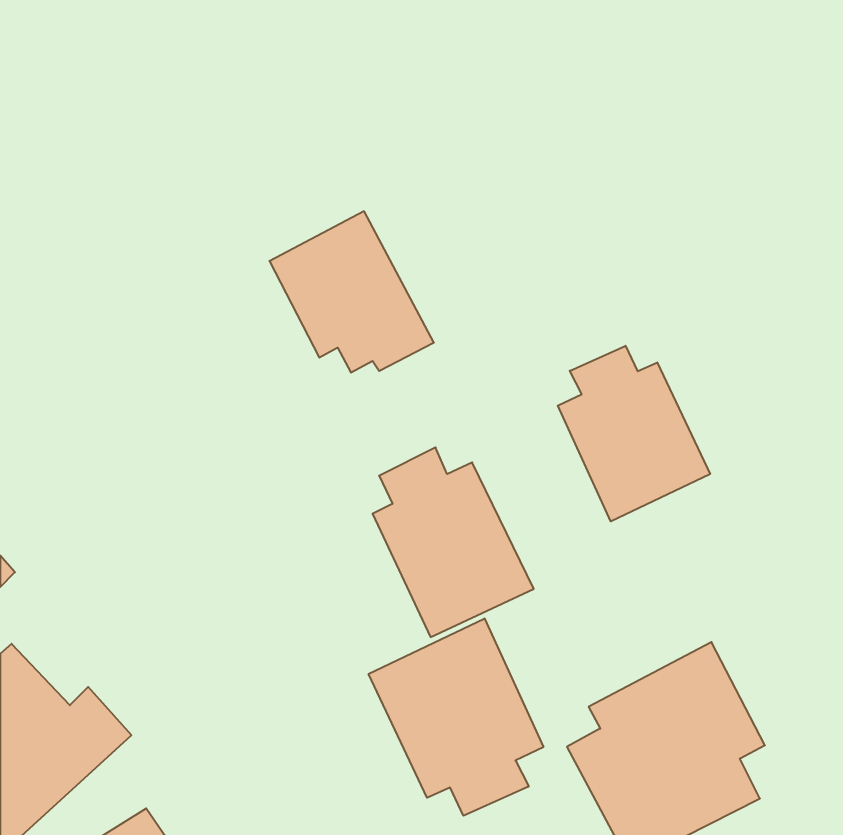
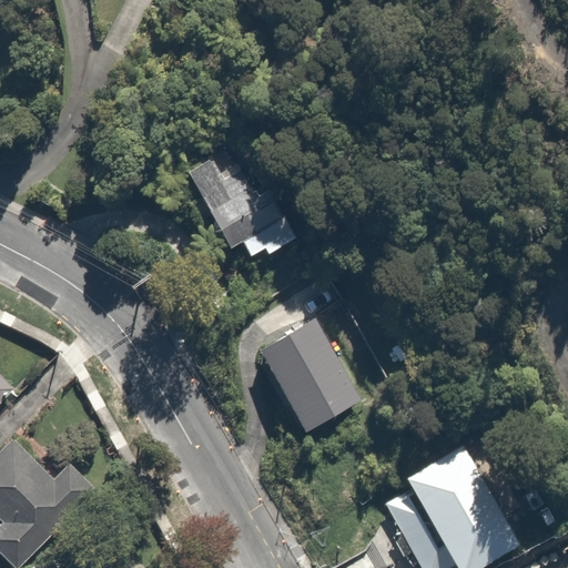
building: [558,346,710,521] -> none
building: [369,618,543,816] -> none

